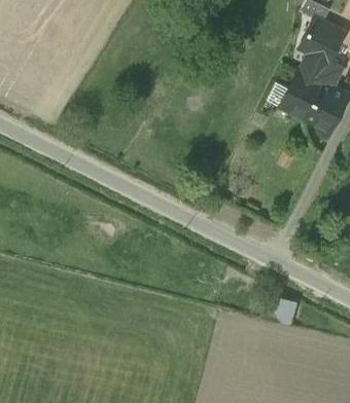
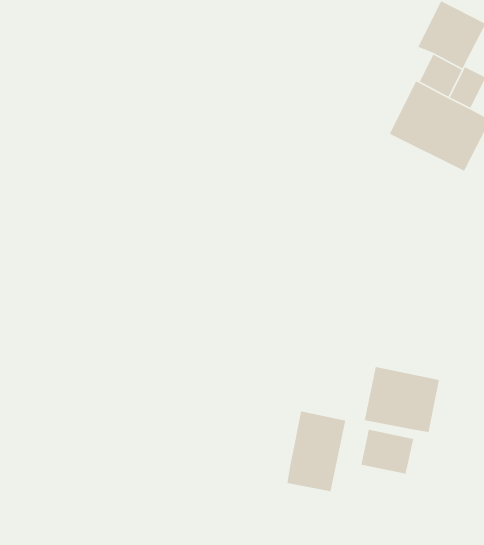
building: none -> [364,366,440,433]
building: none -> [286,411,346,492]

